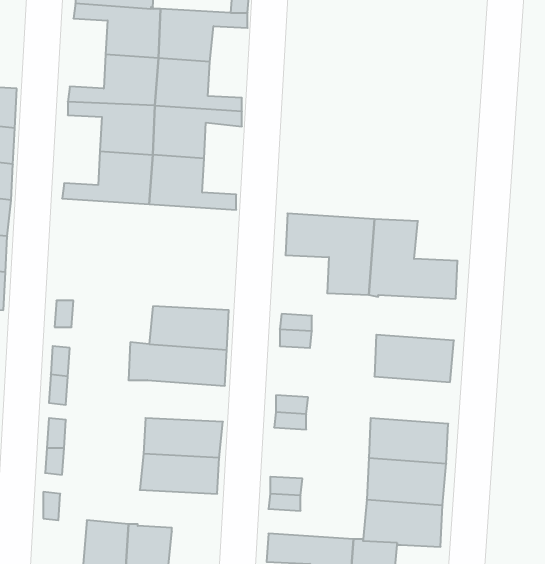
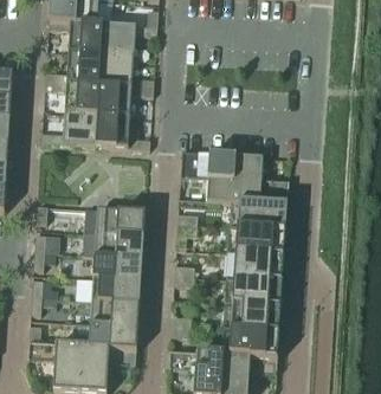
building: none -> [237,200,286,228]
building: none -> [233,251,283,280]
building: none -> [92,253,142,279]
building: none -> [88,322,137,349]

